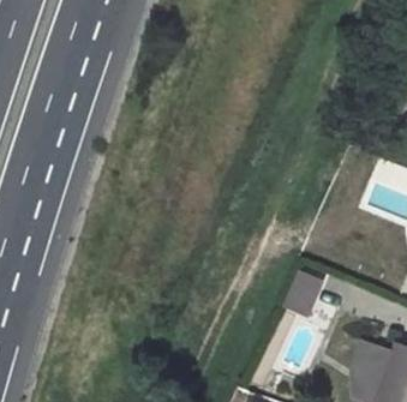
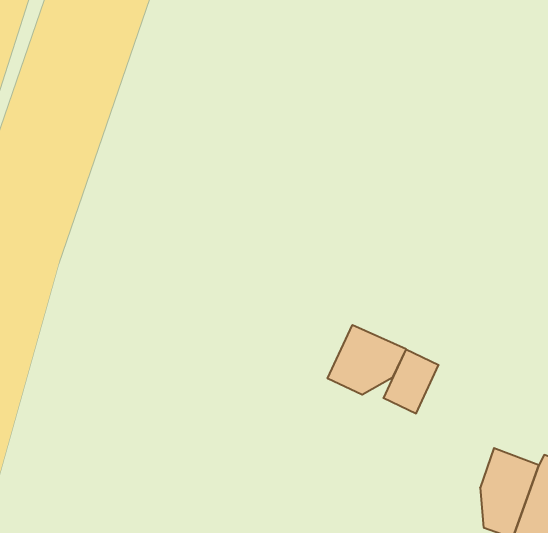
building: none -> [328,325,406,395]

